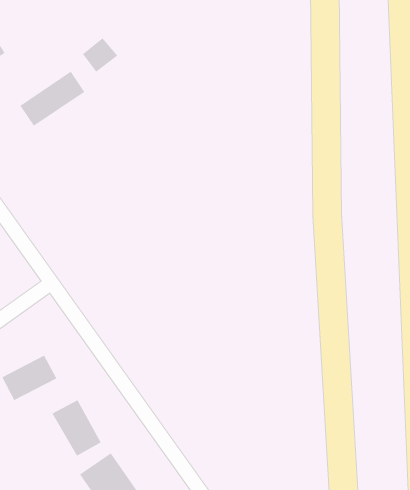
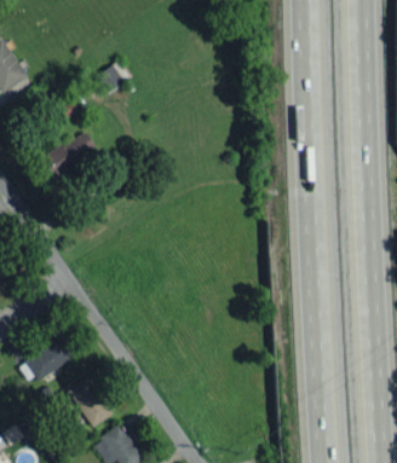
building: [20,71,85,127] -> [40,131,97,179]

